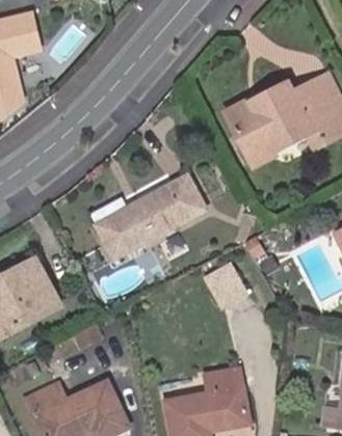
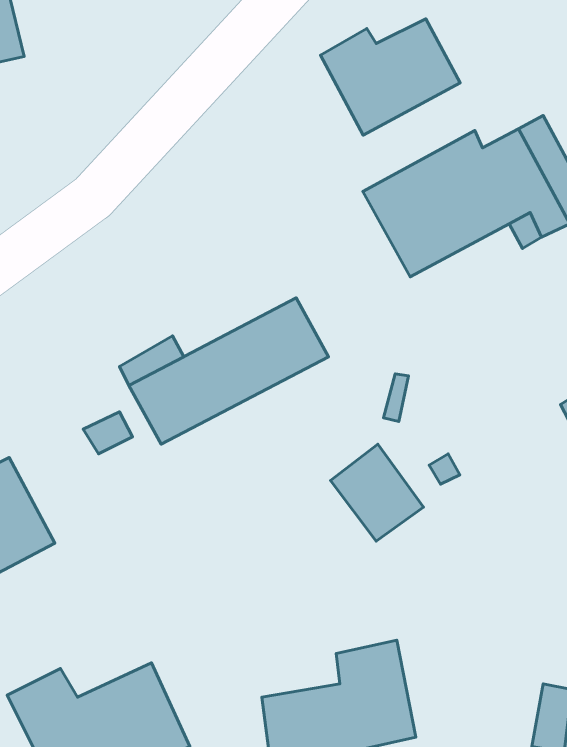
building: none -> [320,19,460,135]

